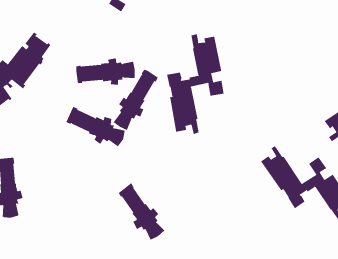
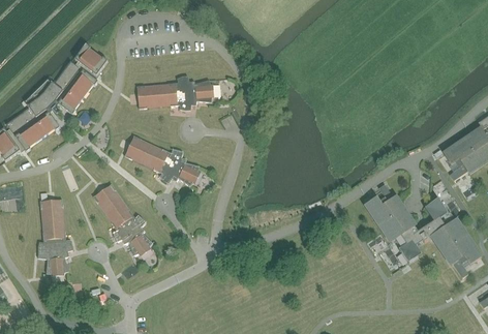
building: [166,34,224,135] -> none
building: [113,69,159,131] -> none
building: [117,182,165,241] -> [94,184,153,256]

